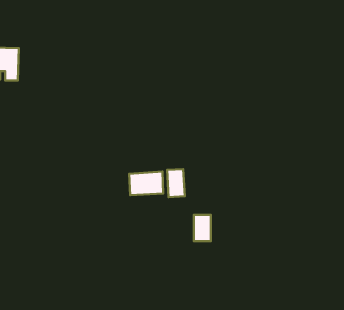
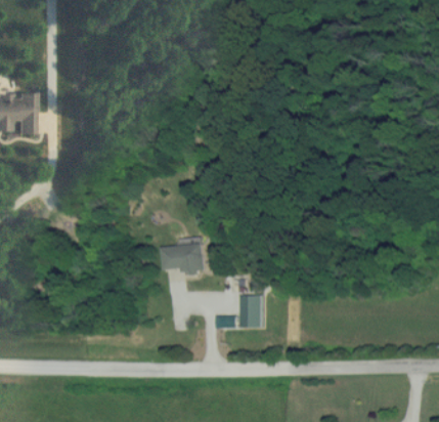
building: [167,169,185,197] -> none

